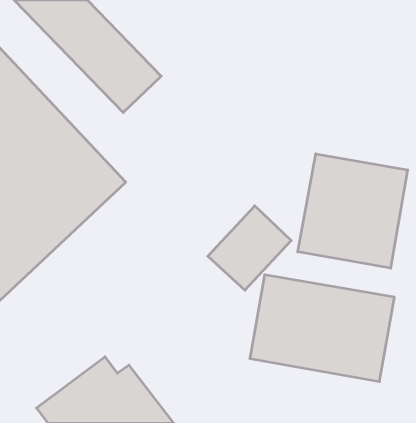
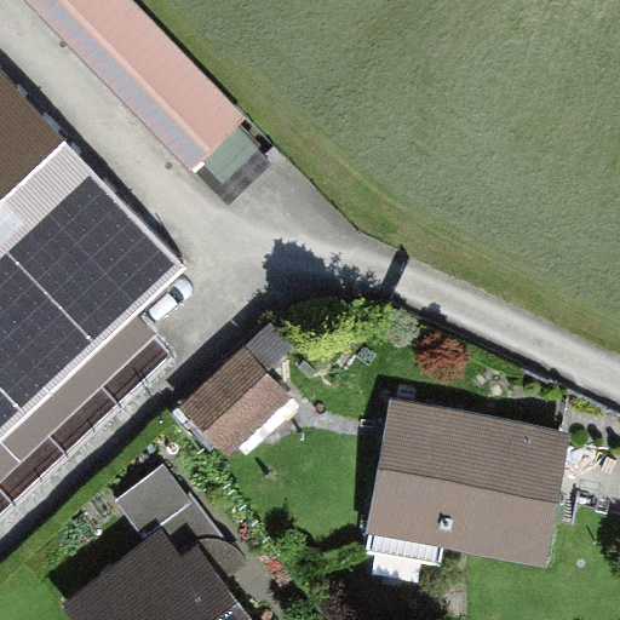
building: [298,154,408,268] -> none
building: [208,206,291,290] -> [176,334,298,458]

